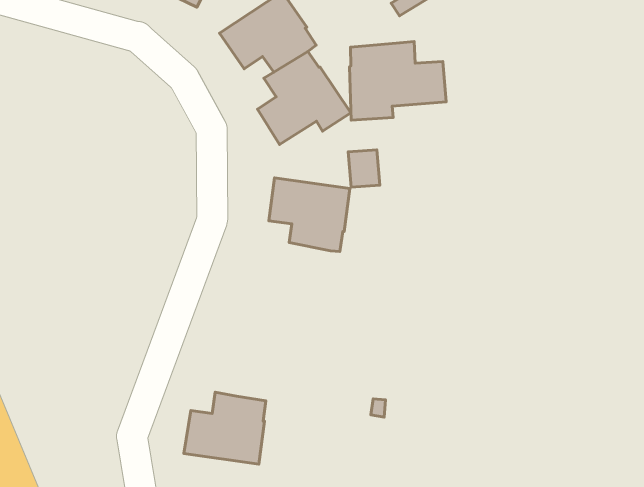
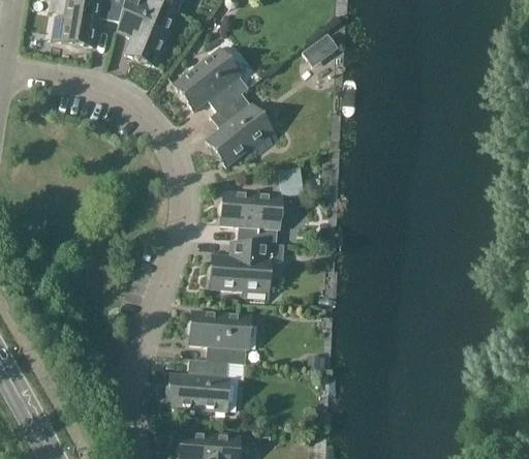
building: [349,41,446,120] -> none
building: none -> [212,240,284,301]
building: none -> [190,310,250,364]

